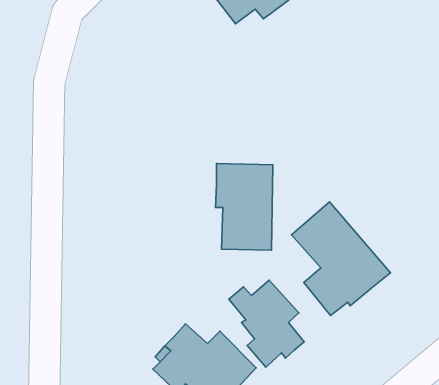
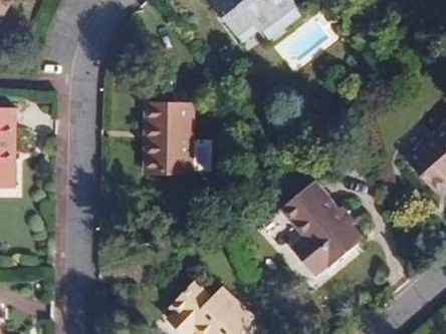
building: [215,164,273,250] -> [145,103,192,175]
building: [229,280,304,367] -> none

